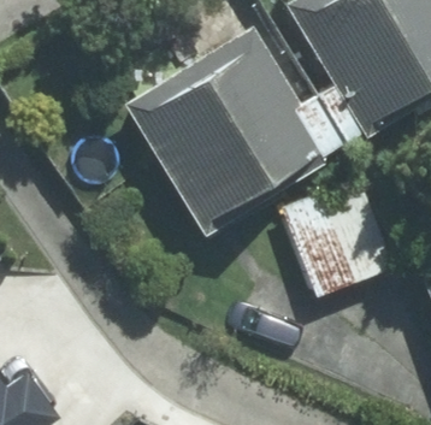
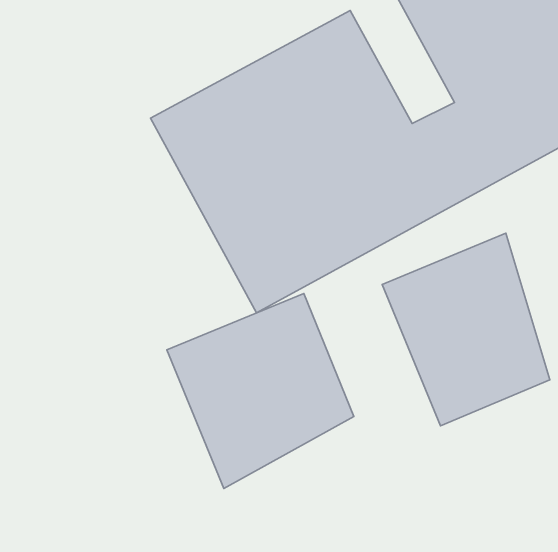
building: none -> [167,293,354,488]

